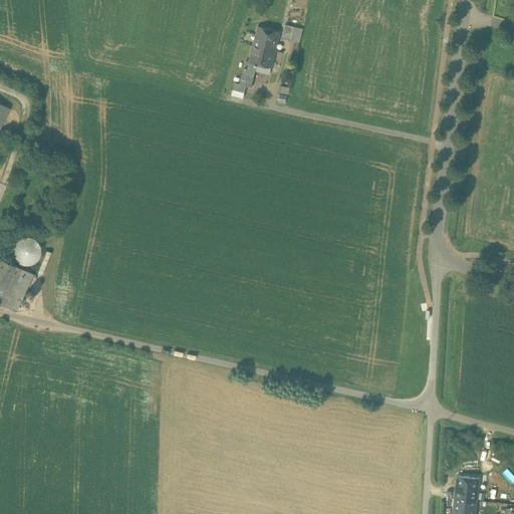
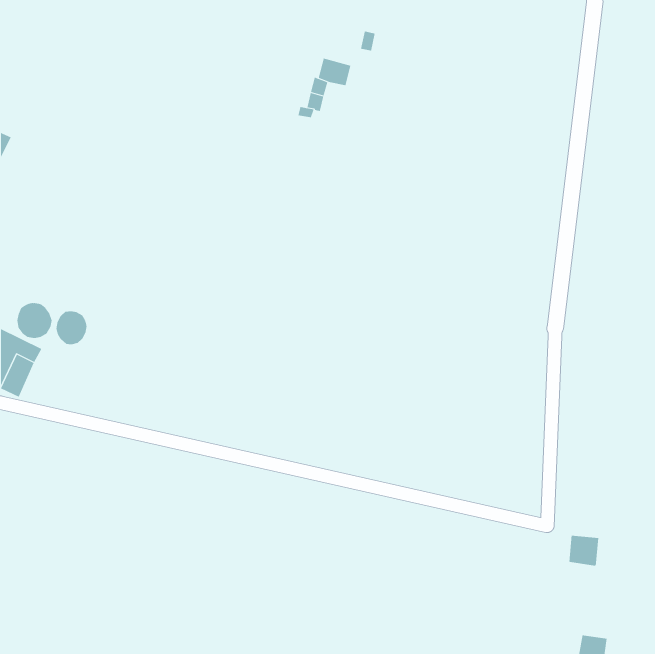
building: [253,26,280,52] -> none
building: none -> [56,311,87,345]
building: [455,477,479,501] -> [568,535,599,566]

